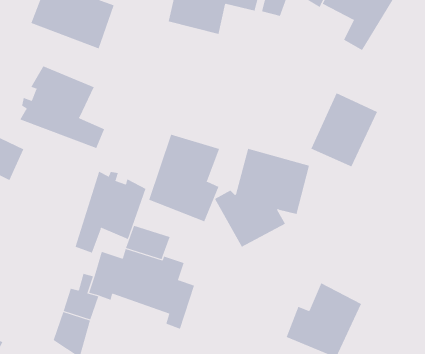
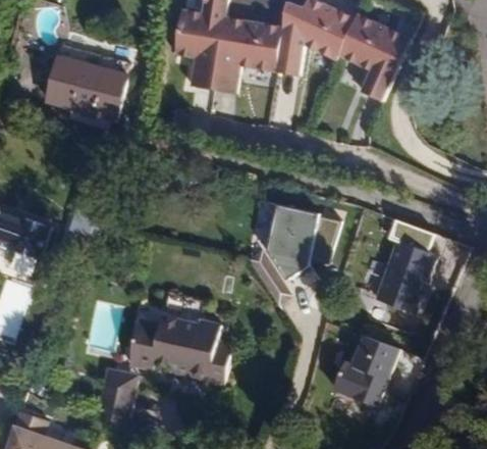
building: [20,65,105,149] -> none
building: [310,93,378,167] -> [373,240,436,312]
building: [149,134,220,222] -> none
building: [75,171,146,253] -> none

